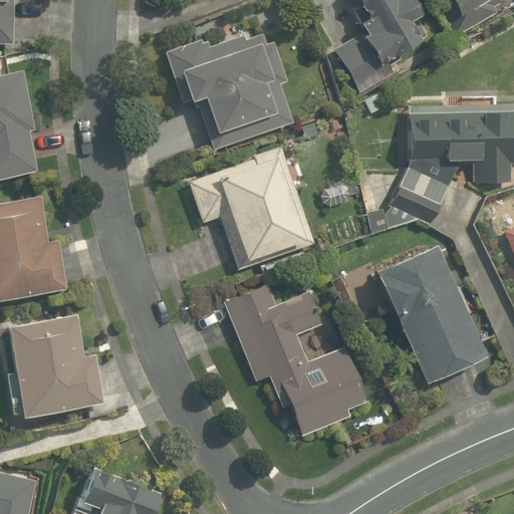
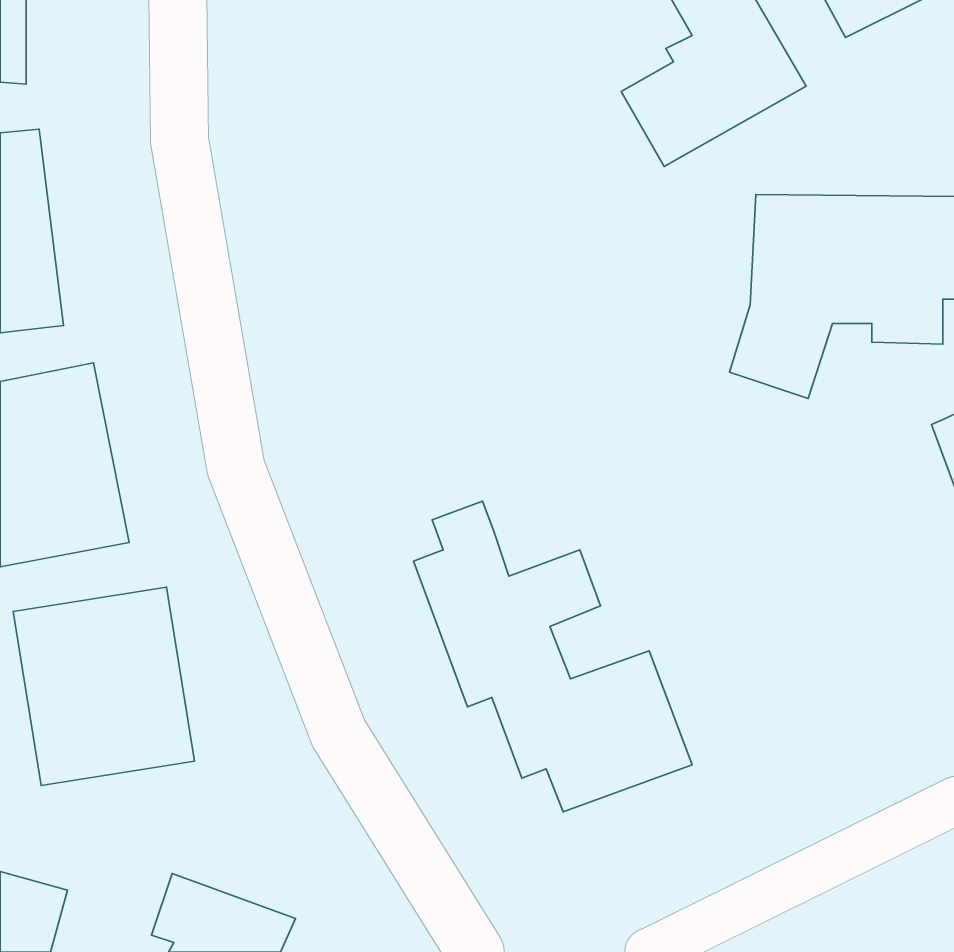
building: [163,15,286,142] -> none
building: [187,147,312,268] -> none
building: [376,244,491,388] -> none

